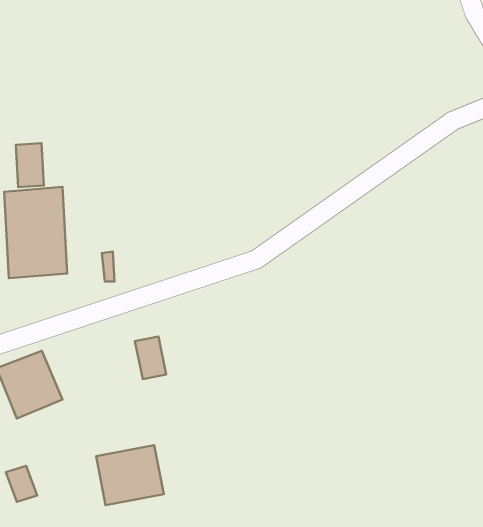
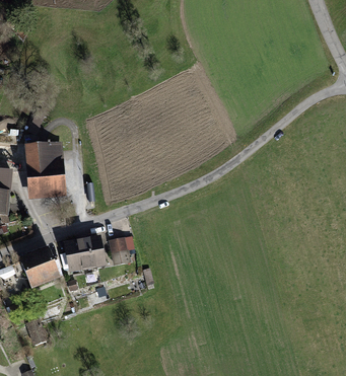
building: [16,143,44,187] -> none
building: [96,445,164,505] -> [64,234,108,273]

